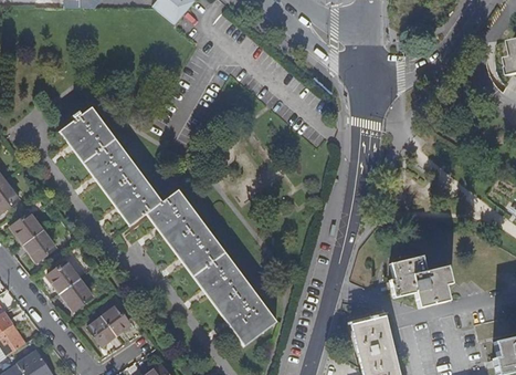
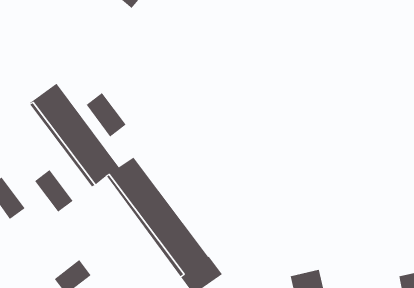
building: none -> [86,92,126,137]
building: [390,257,452,308] -> none
building: [49,261,93,310] -> [34,169,74,213]

